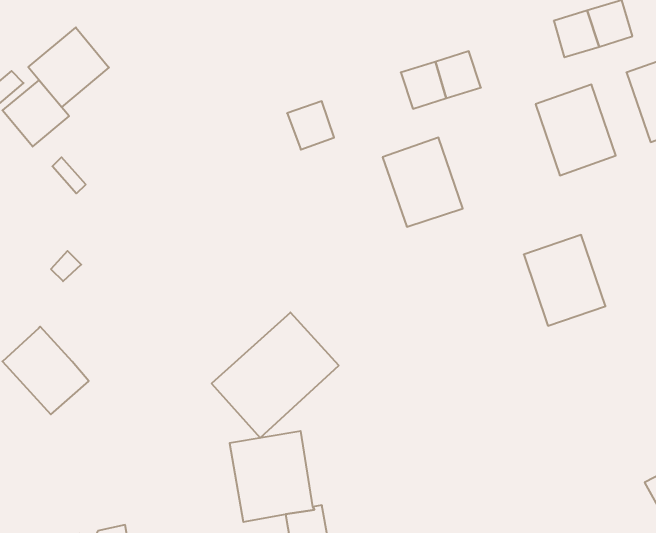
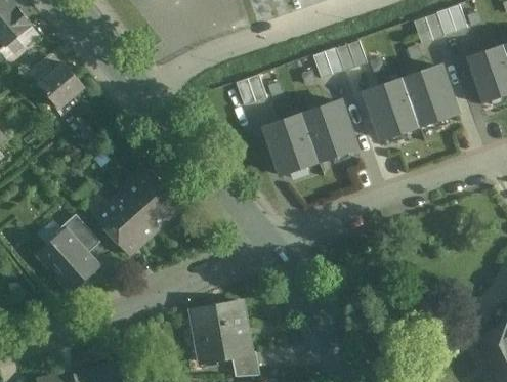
building: [28,27,109,107] -> none
building: none -> [258,115,313,175]
building: [524,235,606,326] -> [362,79,417,140]
building: none -> [60,213,100,253]
building: [212,312,339,438] -> [97,169,183,254]

